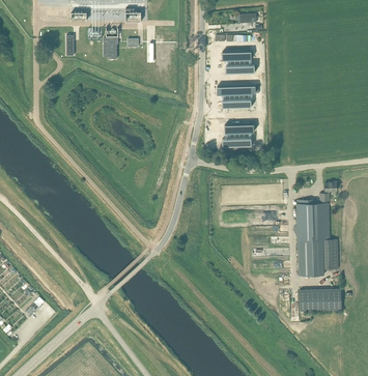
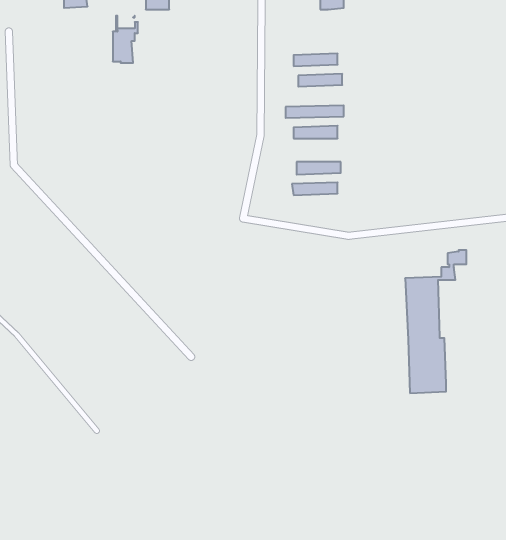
building: [322,239,338,269] -> none
building: [300,289,341,311] -> none

